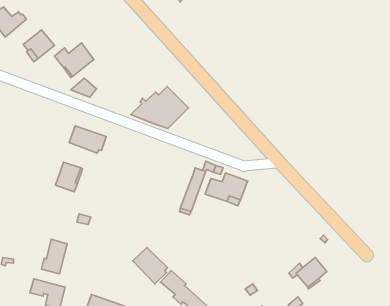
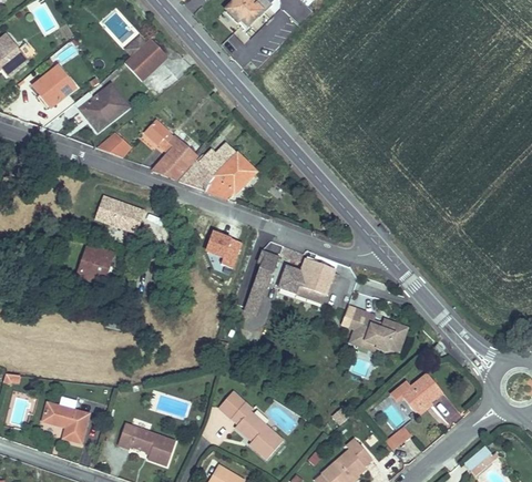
building: none -> [125,38,168,81]
building: none -> [145,120,197,180]
building: none -> [203,232,244,268]
building: none -> [347,307,408,353]
building: [42,239,67,274] -> none
building: [133,248,167,284] -> none

